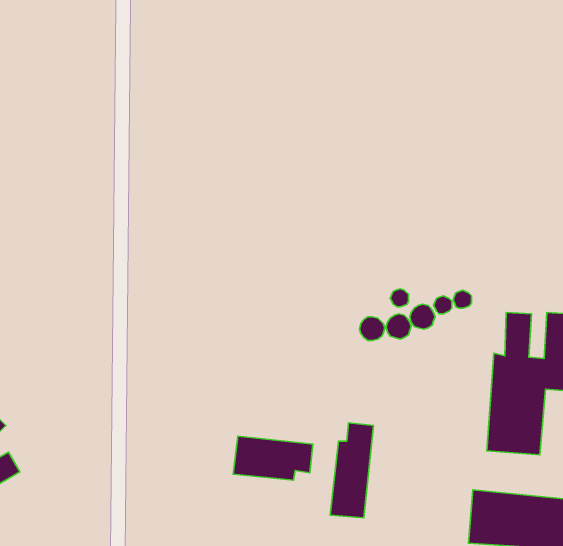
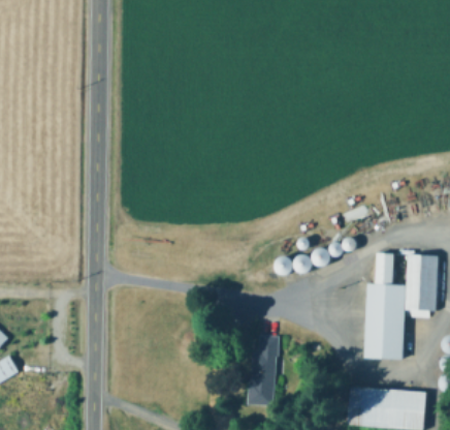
building: [233,436,313,480] -> none

